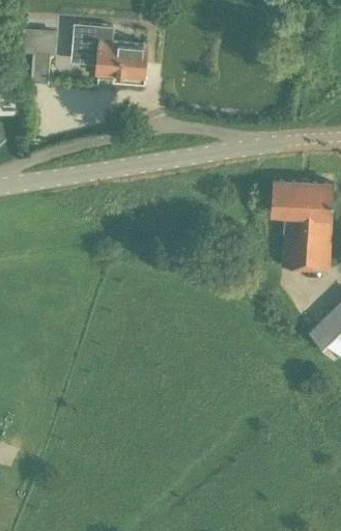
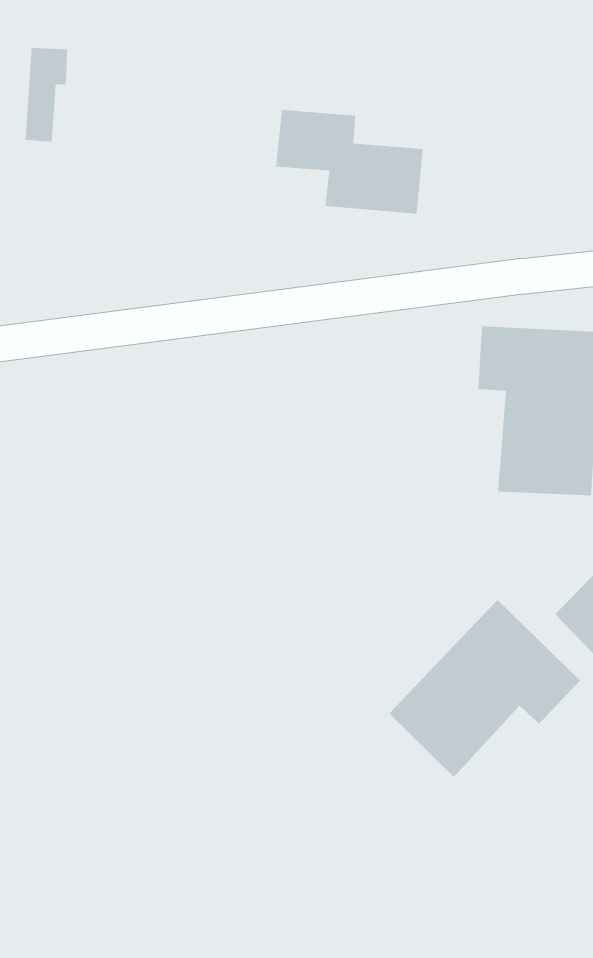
building: [70,25,148,80] -> [275,109,423,214]
building: none -> [388,599,581,778]

